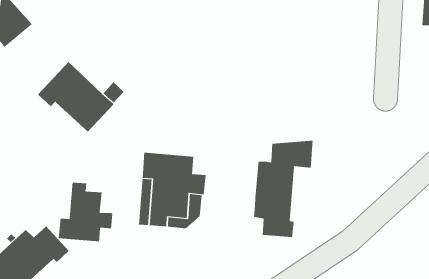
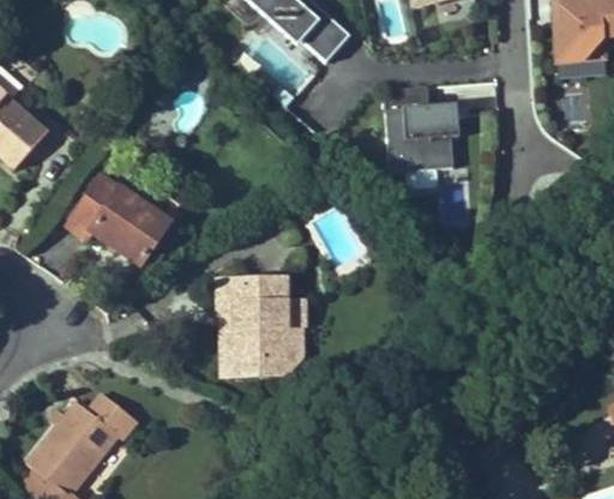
building: none -> [384,85,452,170]
building: [253,140,313,238] -> none
building: [58,182,113,242] -> none

